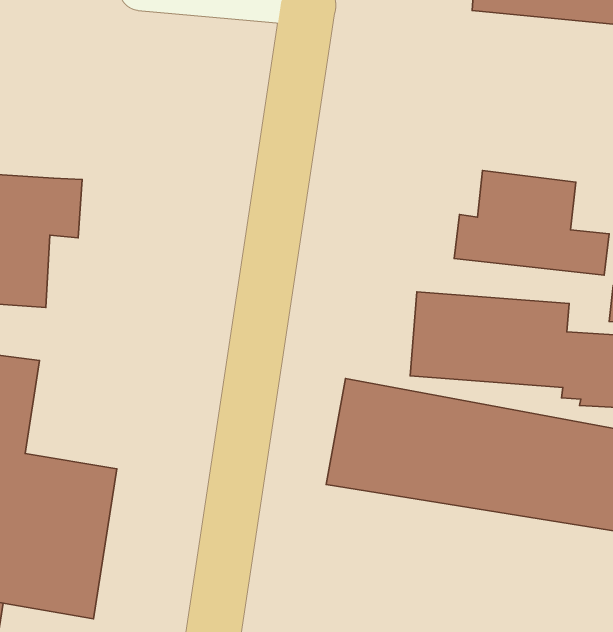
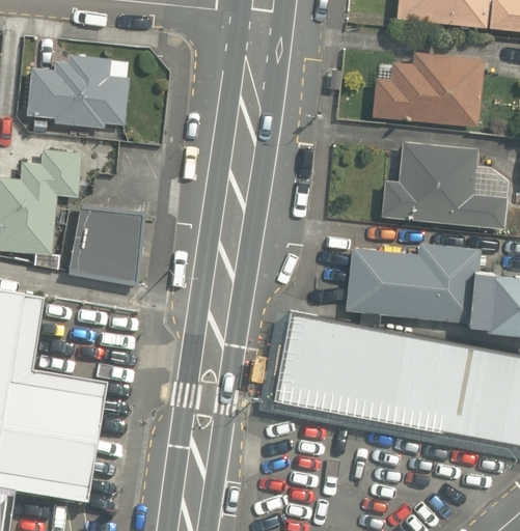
building: none -> [370,48,486,123]
building: none -> [32,57,128,131]
building: none -> [69,200,152,291]

